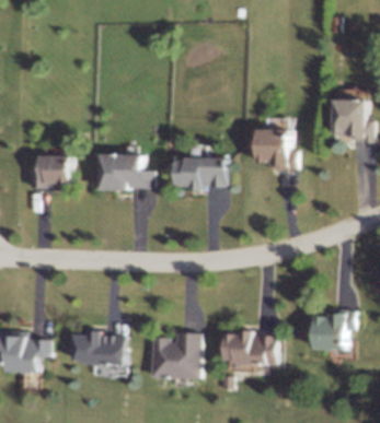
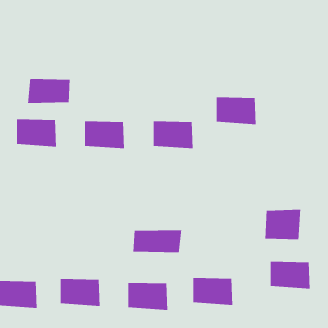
building: [325,102,371,133] -> none
building: none -> [27,78,70,104]
building: none -> [265,209,301,240]
building: none -> [133,230,182,253]

